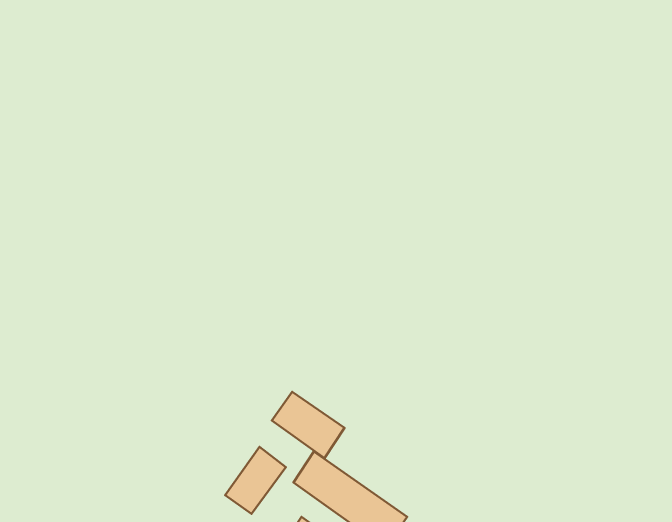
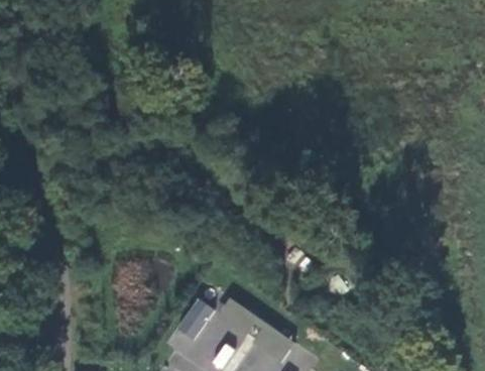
building: [272,392,344,458] -> none

